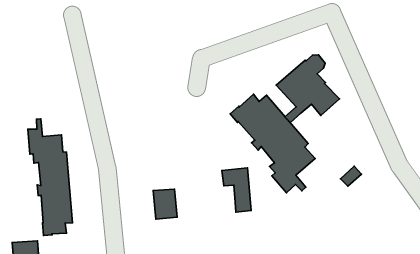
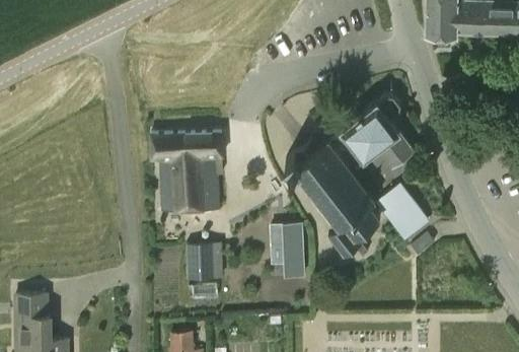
building: none -> [152,135,222,213]
building: [28,119,72,236] -> none
building: none -> [376,184,430,240]

